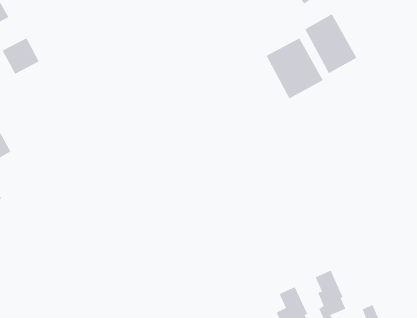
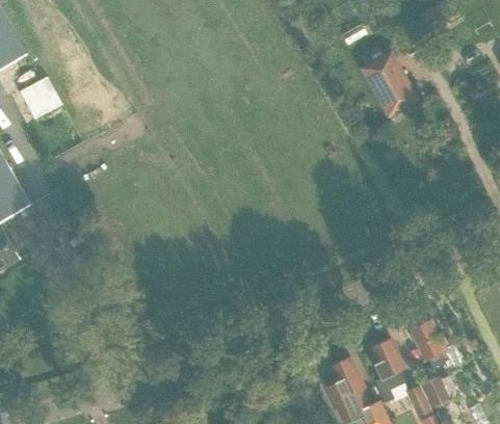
building: [266,37,323,99] -> none
building: none -> [411,320,460,369]

